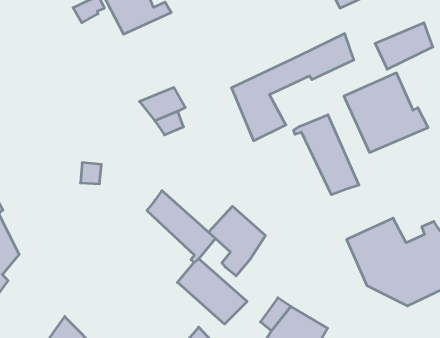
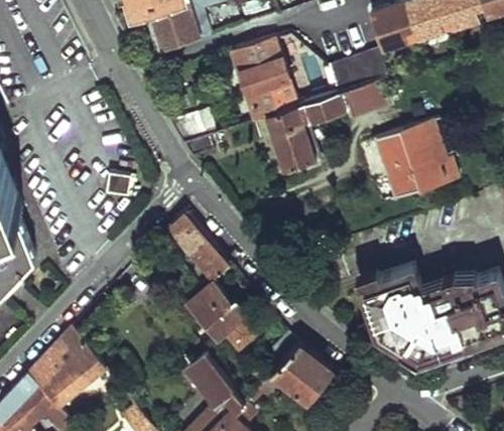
building: none -> [233,37,297,119]
building: [375,23,433,69] -> [328,50,385,93]
building: [294,115,359,195] -> none
building: [209,206,265,276] -> none

